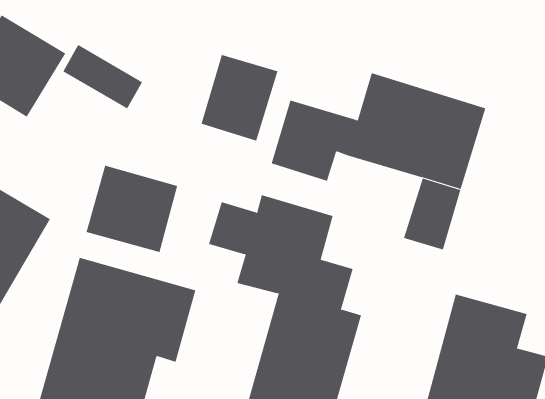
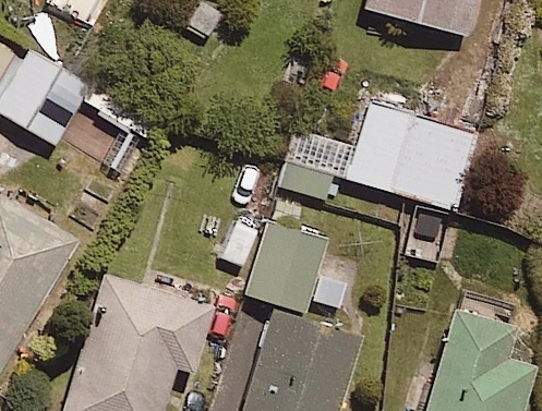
building: [201,54,278,141] -> none
building: [86,165,178,253] -> none

